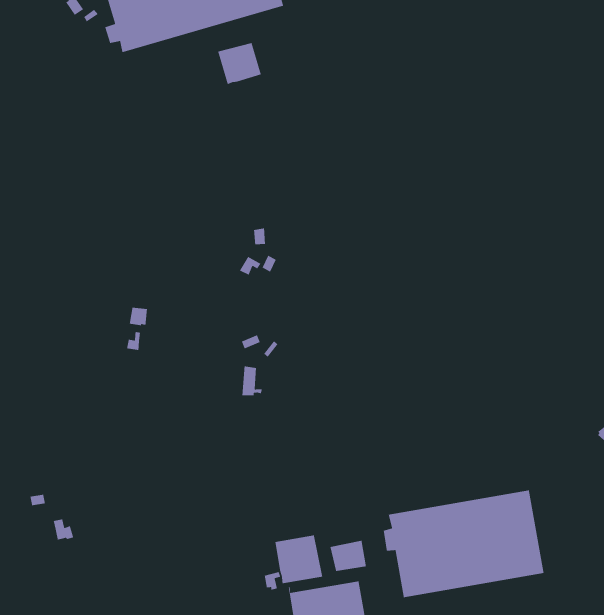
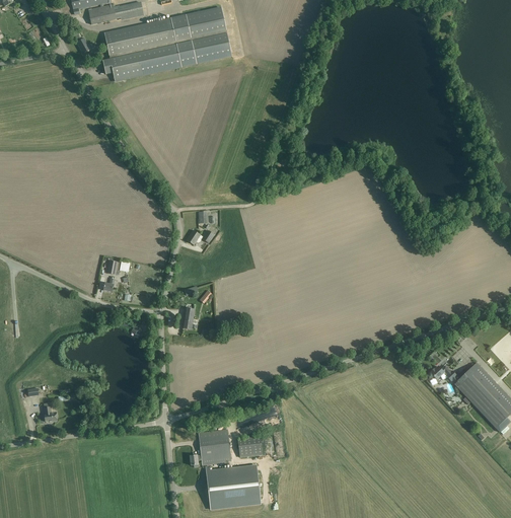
building: [217,42,262,85] -> none
building: [383,490,545,598] -> none

